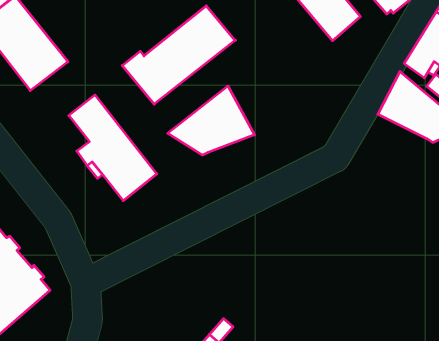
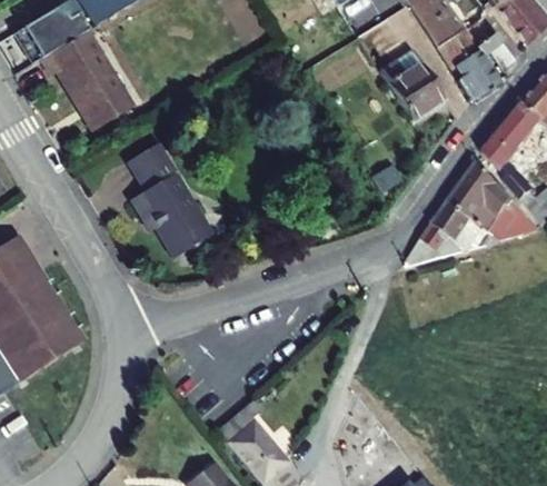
building: [122,6,236,104] -> none
building: [168,86,255,155] -> none
building: none -> [404,201,496,264]

